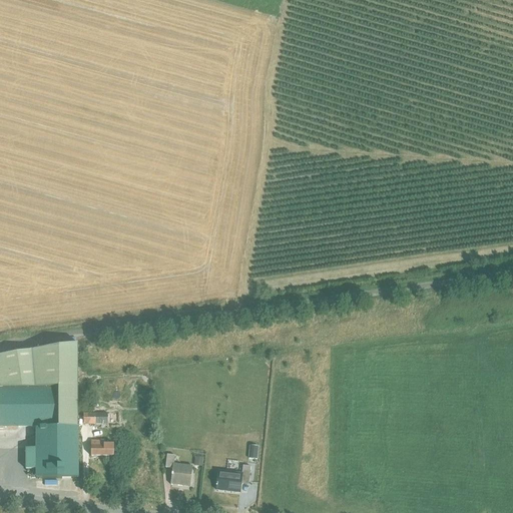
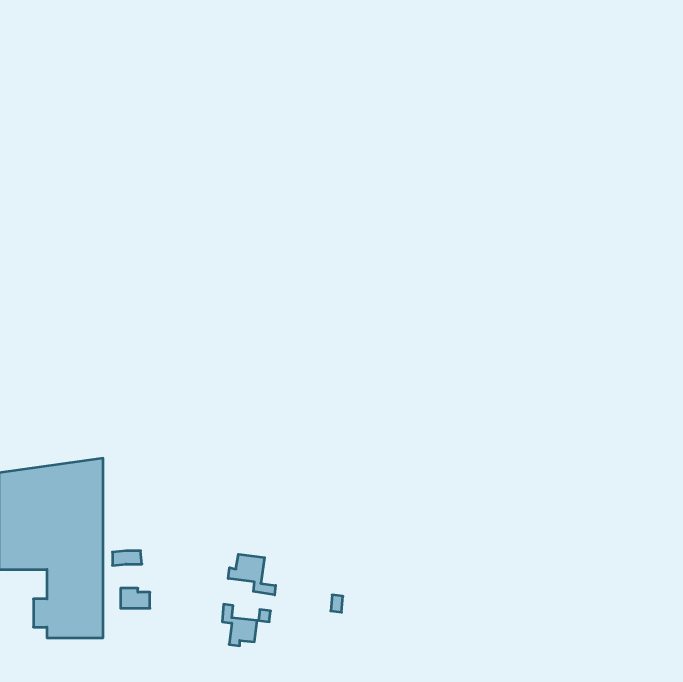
building: none -> [228,554,276,595]
building: [215,464,249,491] -> none

